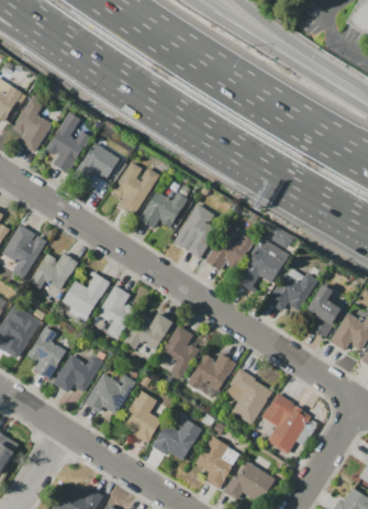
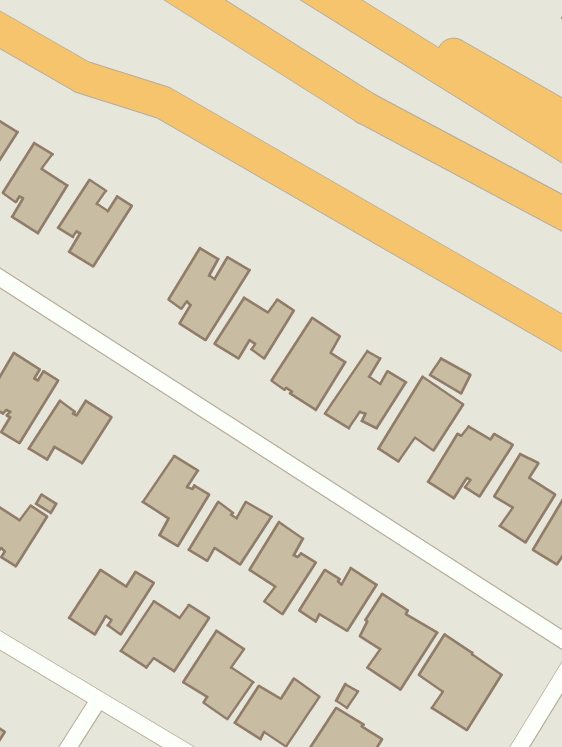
building: [75,143,120,181] -> none
building: [62,274,109,318] -> none
building: [26,327,66,379] -> none

